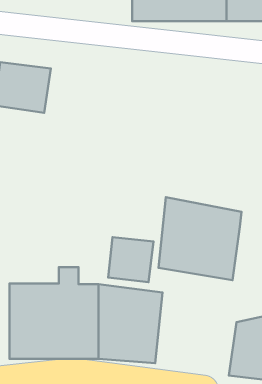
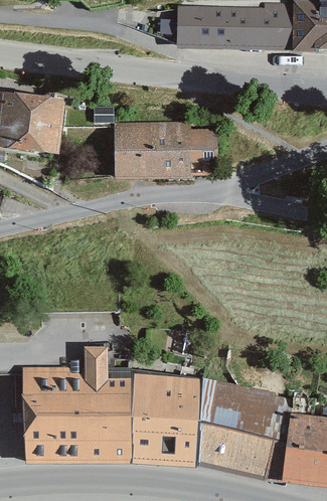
building: none -> [115,123,218,177]
building: [158,197,241,280] -> [193,378,295,480]
building: [108,237,154,282] -> none

